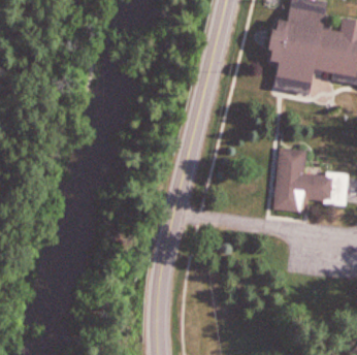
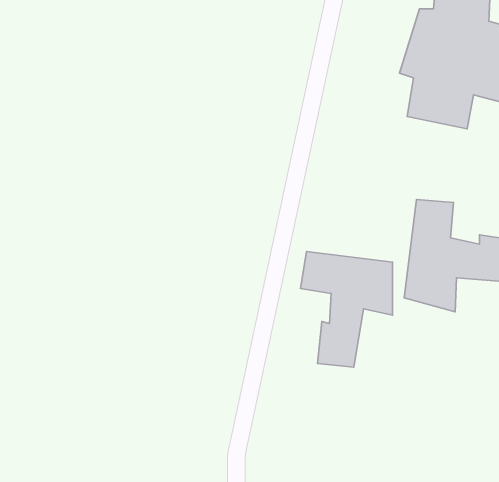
building: none -> [301,252,392,367]

